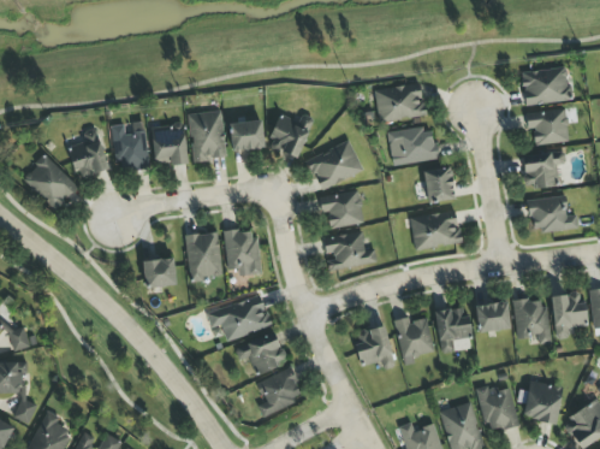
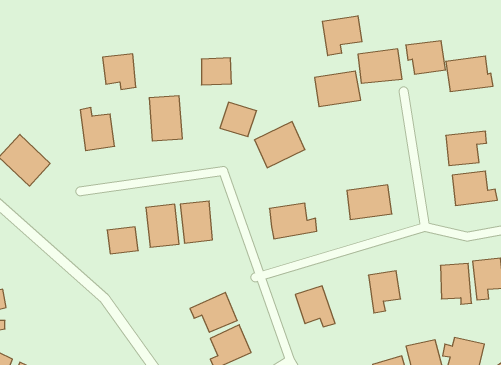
building: none -> [322,16,362,56]
building: [525,107,570,144] -> [406,41,446,74]
building: [231,119,265,149] -> [201,58,232,85]
building: [150,125,188,165] -> [103,54,136,89]
building: [388,125,438,164] -> [358,49,402,83]
building: [69,126,109,178] -> none
building: [422,165,456,202] -> none
building: [320,189,364,229] -> none
building: [206,294,272,339] -> none
building: [475,300,510,331] -> none
building: [393,315,434,365] -> none

